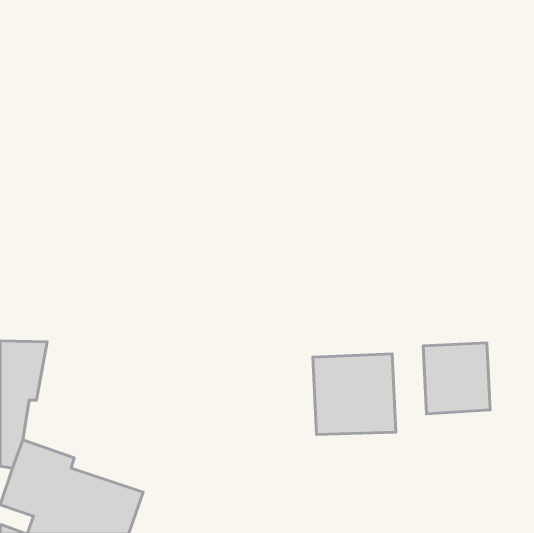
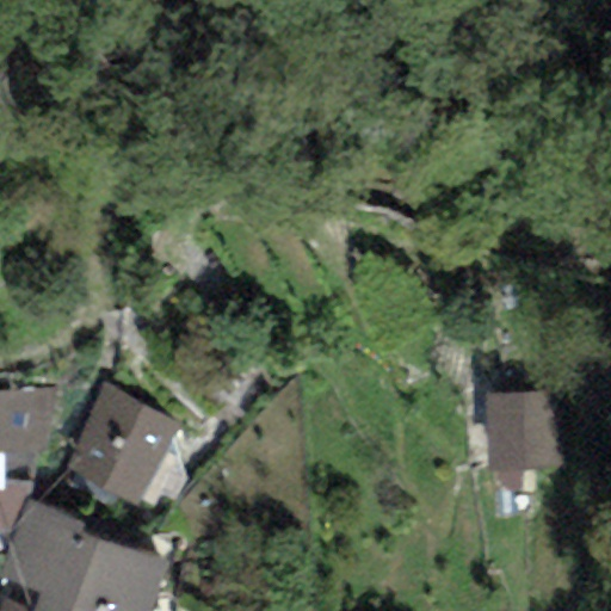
building: none -> [61,385,180,508]
building: [313,354,396,434] -> none

